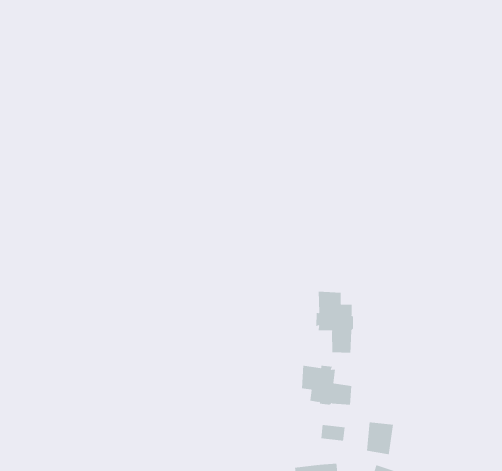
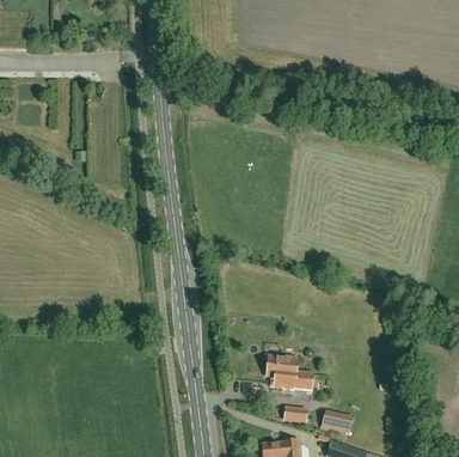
building: [316,291,353,354] -> none

